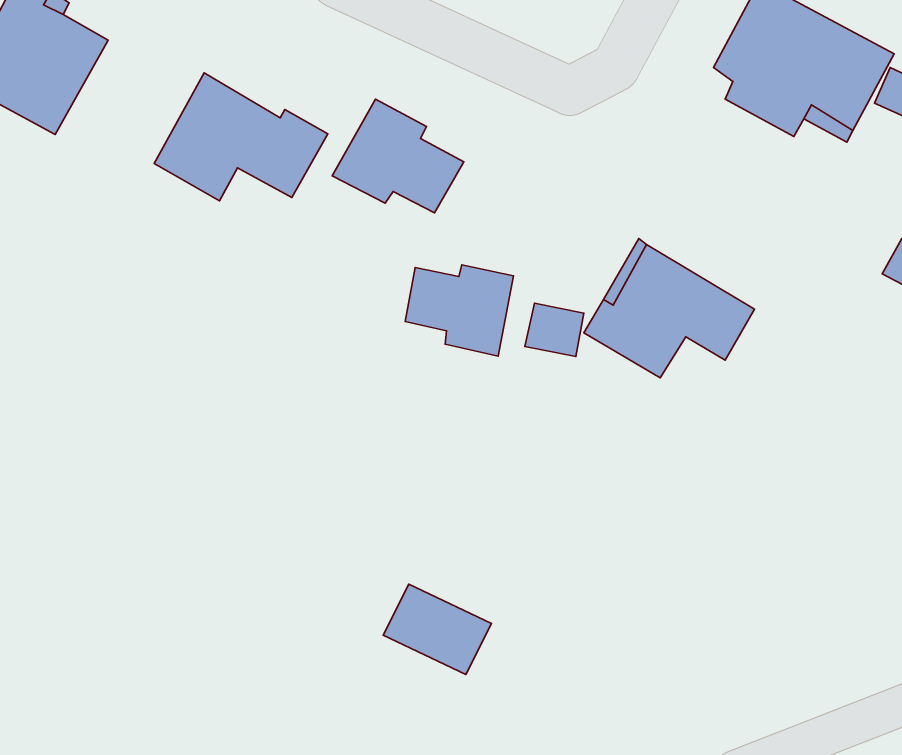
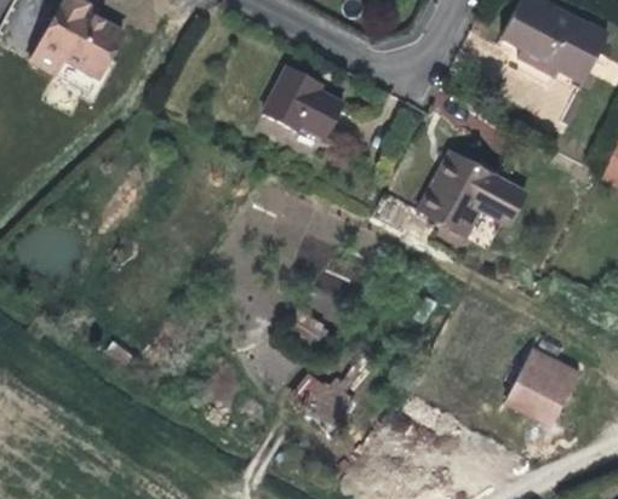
building: [154,73,328,201] -> none
building: [405,265,514,356] -> none
building: none -> [507,352,578,425]

